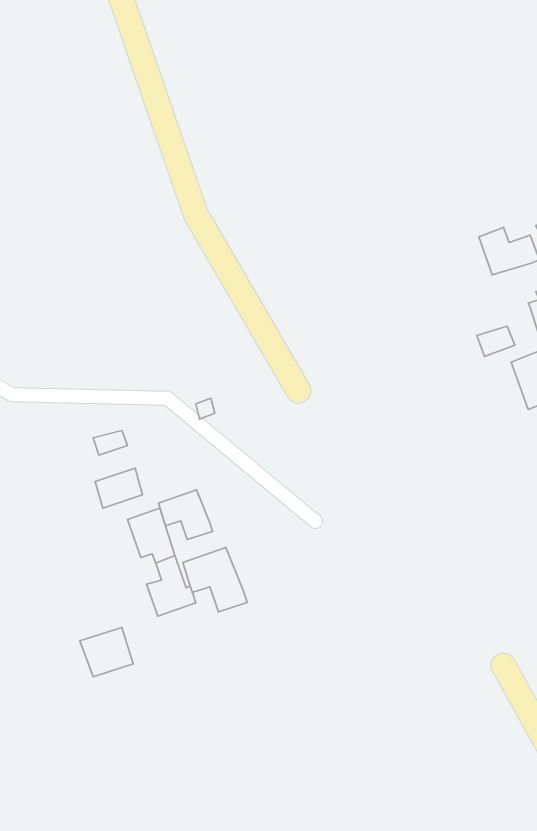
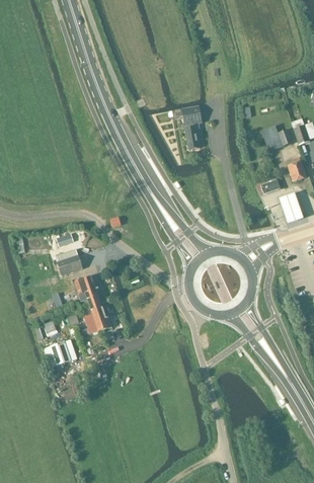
building: none -> [181,105,202,149]
building: [158,490,212,540] -> none
building: [183,547,247,612] -> none

